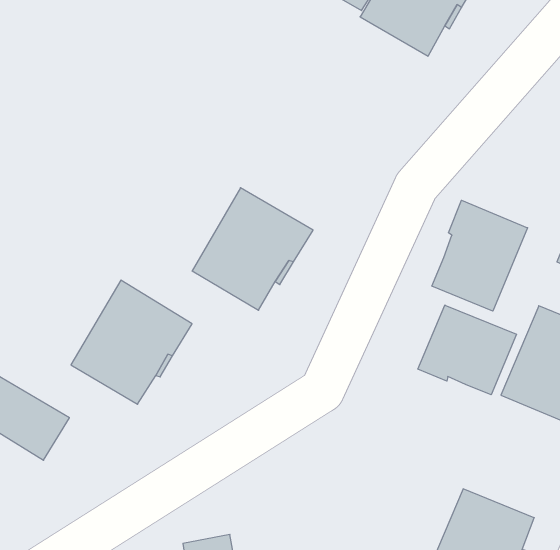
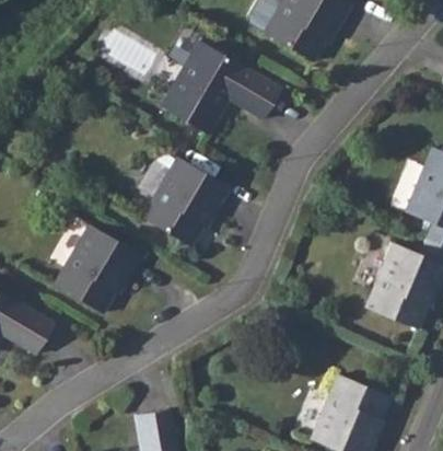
building: none -> [160,41,280,135]
building: [432,200,528,311] -> none
building: [418,305,516,395] -> none

